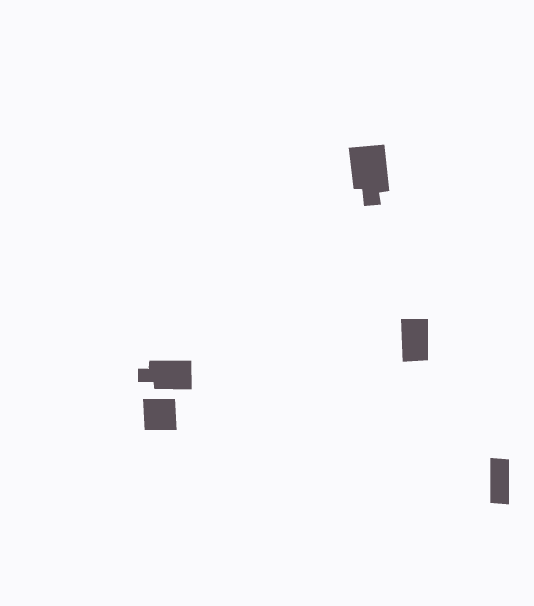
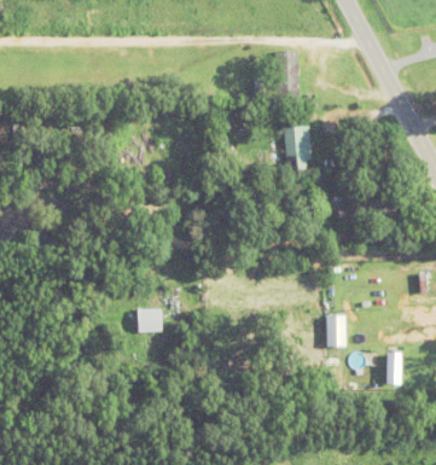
building: [400,318,429,362] -> [325,314,345,345]
building: [137,360,192,390] -> none

